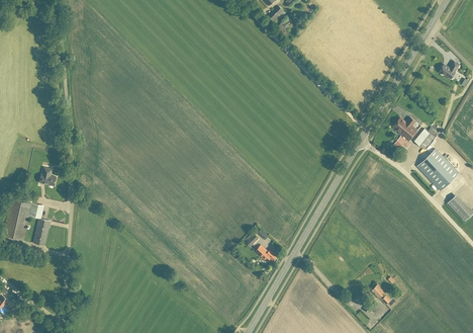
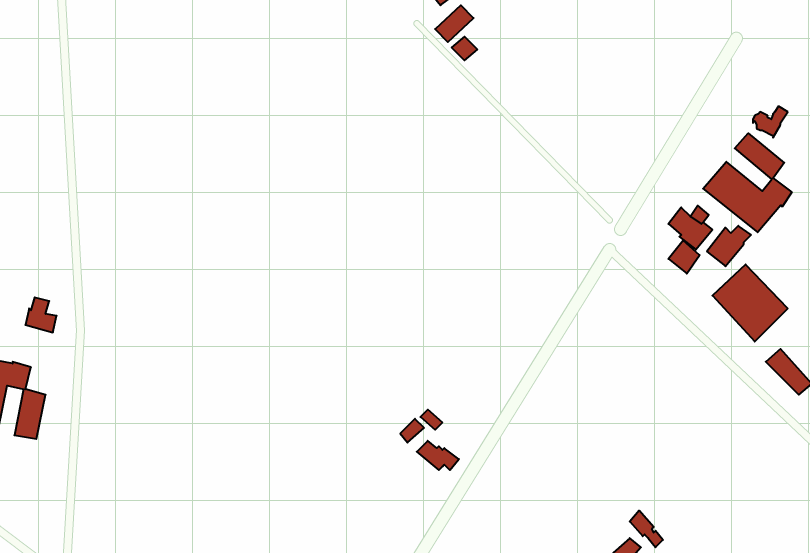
building: none -> [703,133,792,232]

